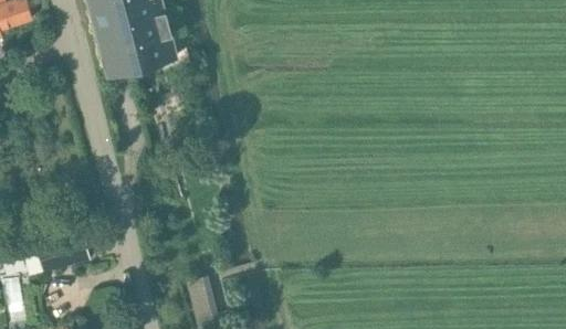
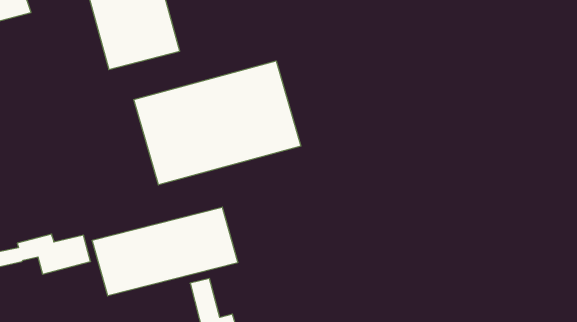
building: none -> [134,61,301,185]
building: none -> [92,207,238,296]

